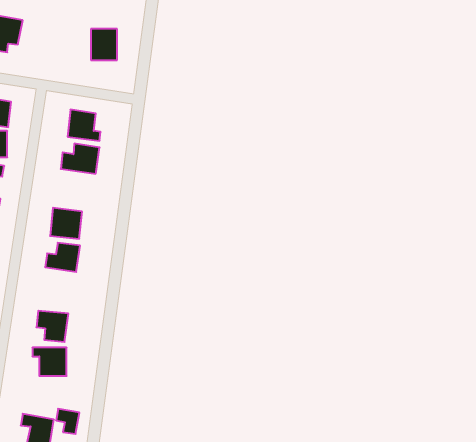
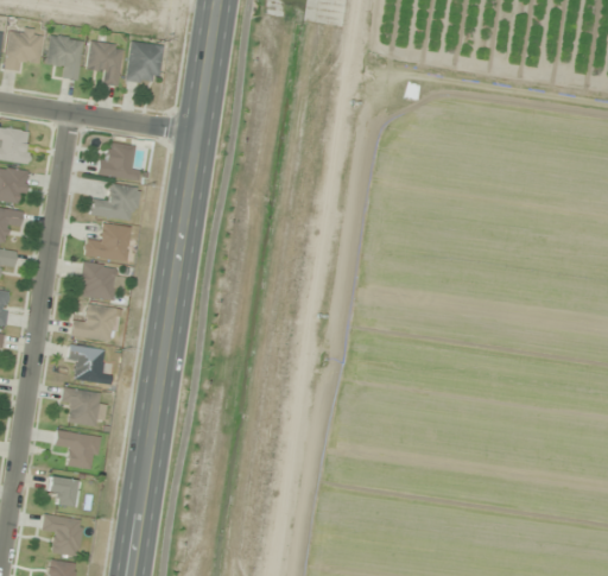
building: none -> [46,37,84,80]
building: none -> [88,42,124,86]
building: none -> [86,224,131,260]
building: none -> [68,346,107,384]
building: [56,409,79,434] -> [49,476,77,507]

